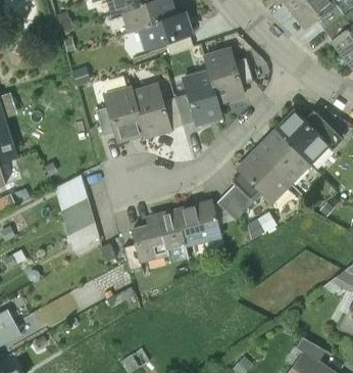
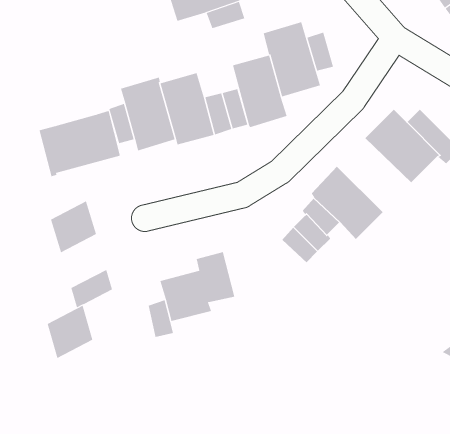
building: none -> [39,110,120,177]
building: [256,131,308,183] -> none
building: [62,198,95,236] -> [47,305,93,359]
building: [177,201,221,244] -> none

